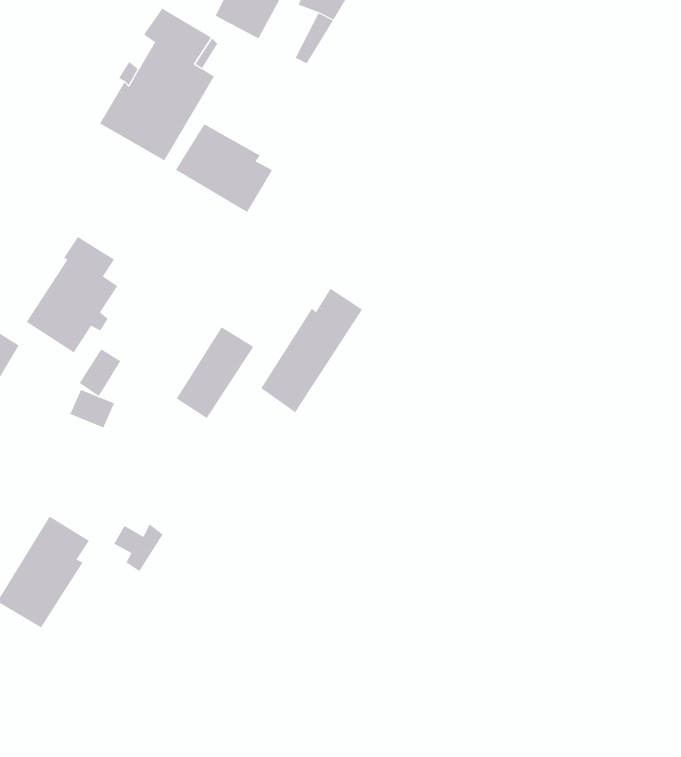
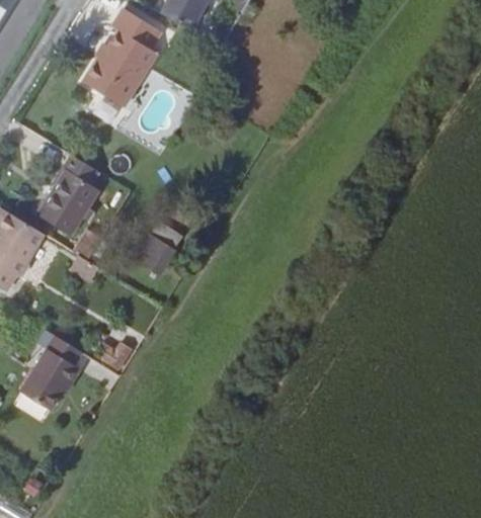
building: [175,123,273,213] -> none
building: [260,288,363,413] -> none

